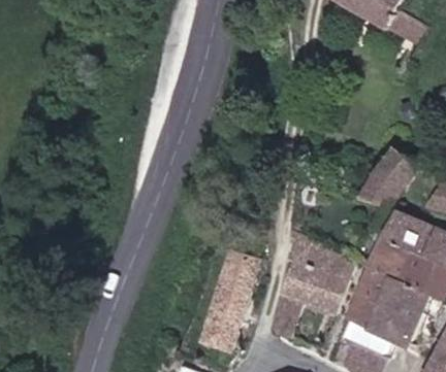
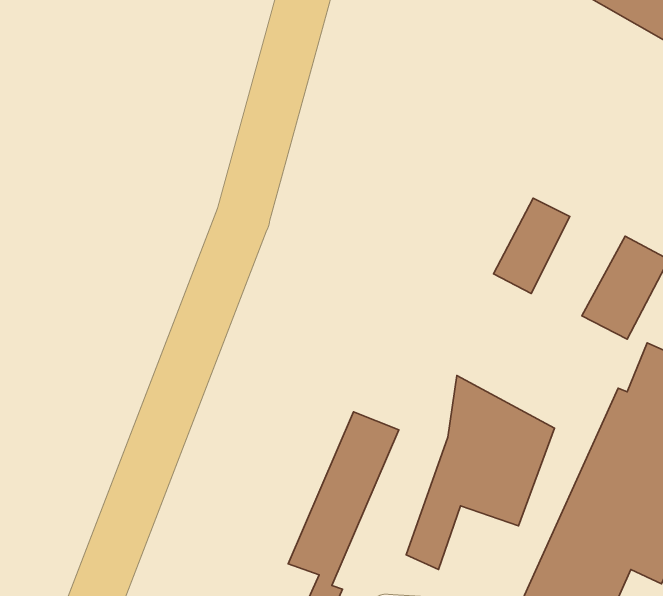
building: none -> [494,198,570,293]

